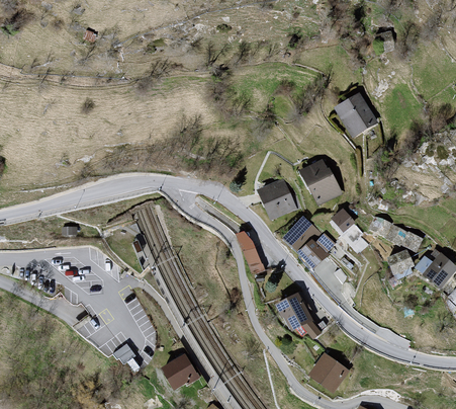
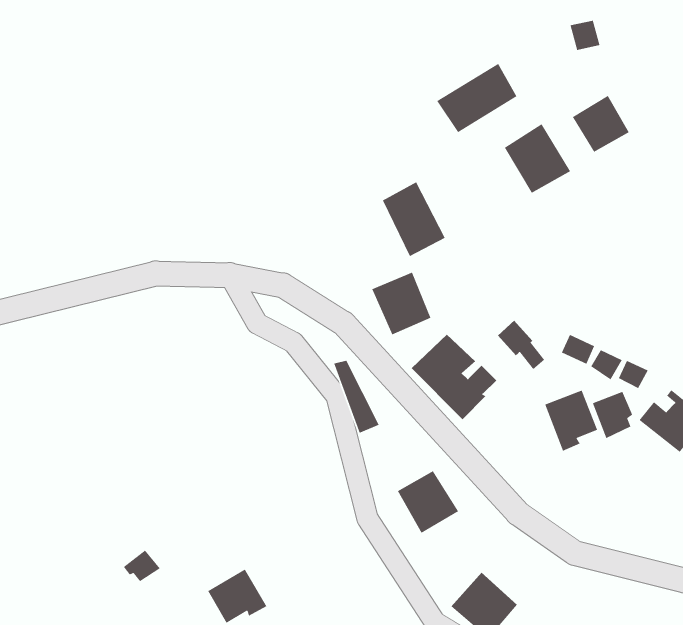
building: none -> [436,63,517,133]
building: none -> [572,95,630,153]
building: [301,159,339,203] -> [382,181,446,257]
building: none -> [544,389,598,452]

